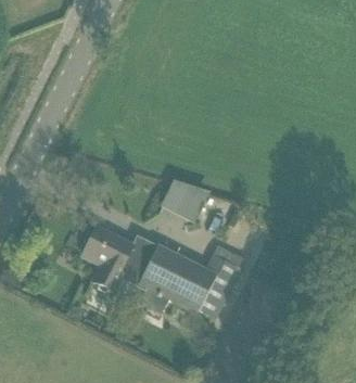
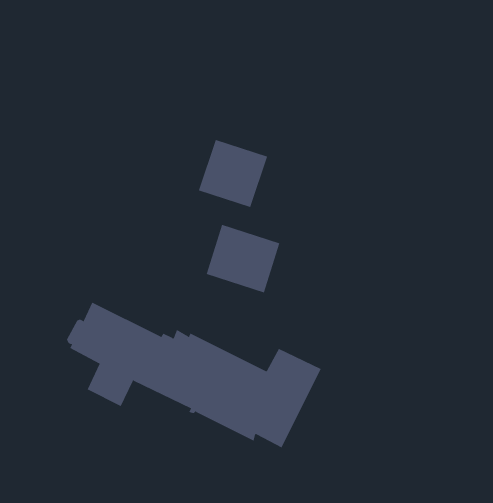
building: none -> [198,139,268,208]

